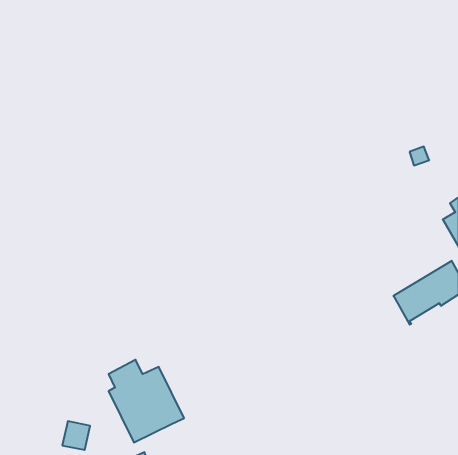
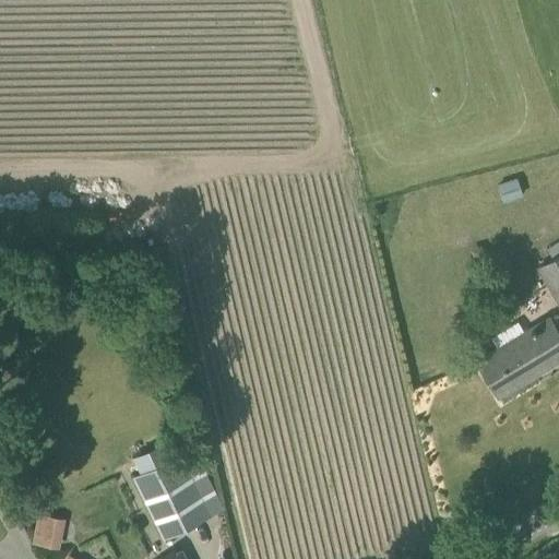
building: [62,421,90,450] -> [33,518,67,552]

